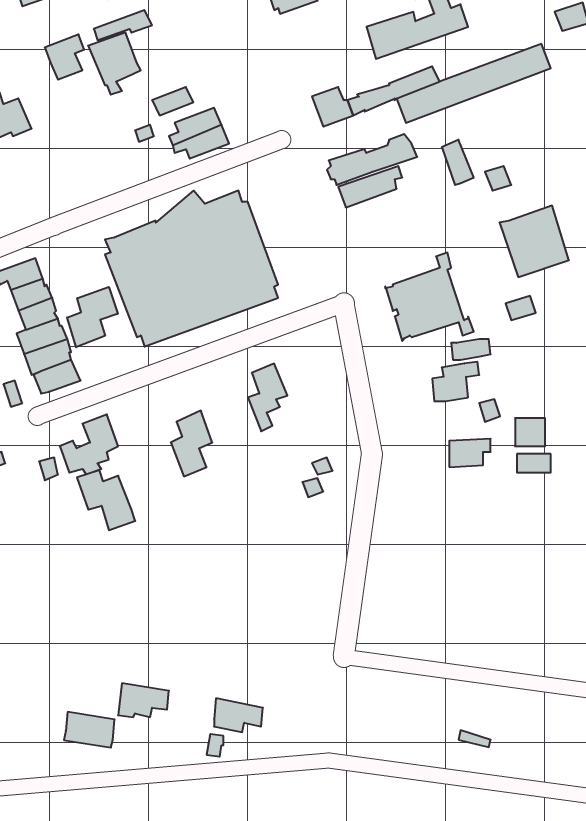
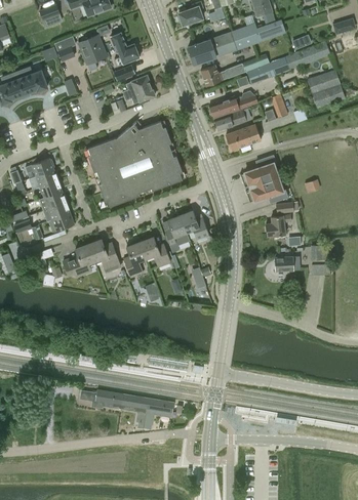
building: none -> [102,32,140,65]
building: none -> [188,32,235,64]
building: none -> [226,124,261,151]
building: [499,206,569,277] -> [307,69,345,108]
building: [67,287,118,347] -> none
building: none -> [180,210,208,238]
building: none -> [140,236,170,266]
building: [77,470,135,530] -> [88,239,120,272]
building: [64,712,115,748] -> [120,393,148,413]

